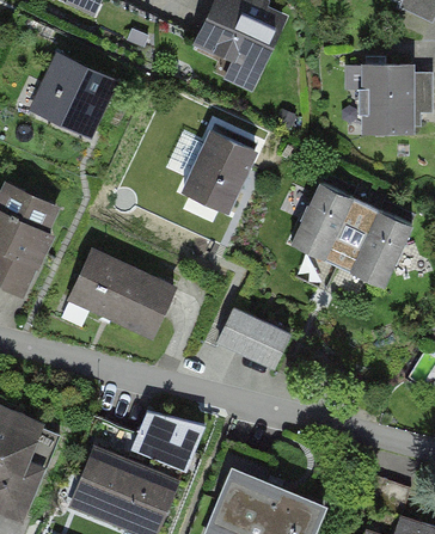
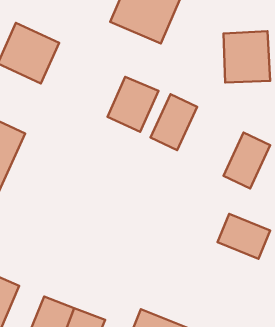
building: [288,182,355,262] -> [151,94,197,150]
building: [66,233,184,339] -> none
building: [218,309,293,374] -> [218,214,270,259]
building: [135,410,208,473] -> none

